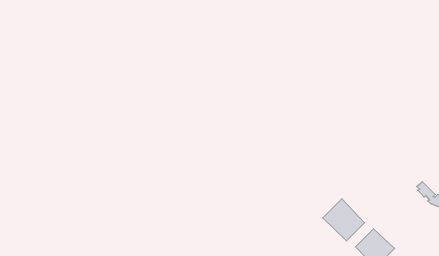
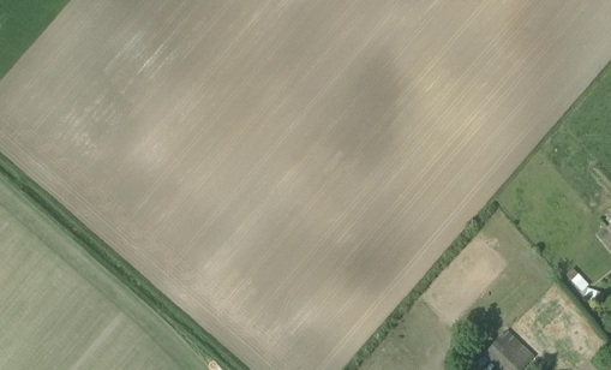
building: [323,199,365,241] -> none

